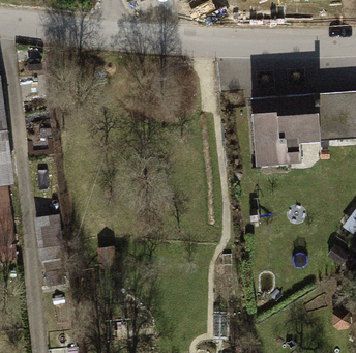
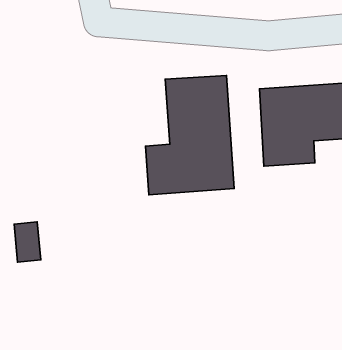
building: none -> [146,76,234,195]

